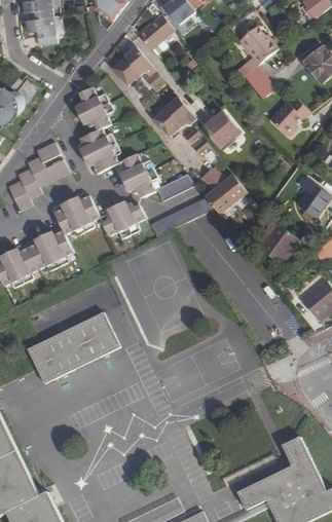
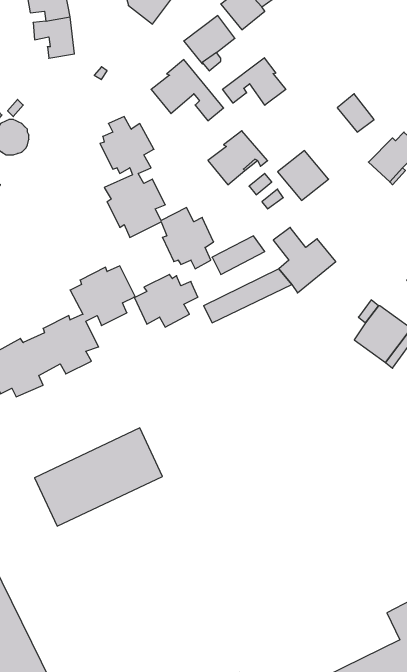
building: [239,24,280,64] -> none
building: none -> [223,58,286,105]
building: [7,141,69,210] -> none

